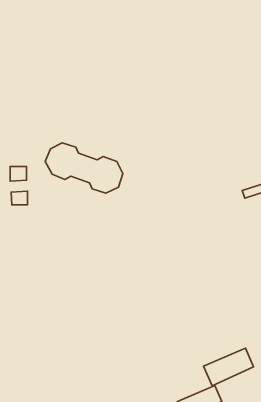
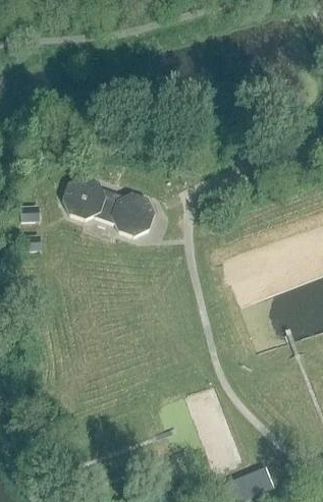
building: [204,348,253,386] -> none

